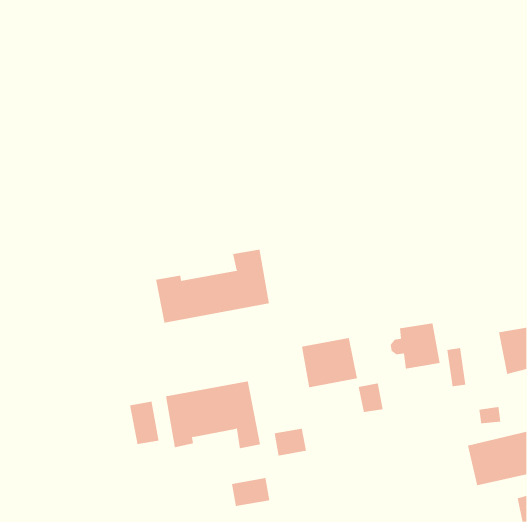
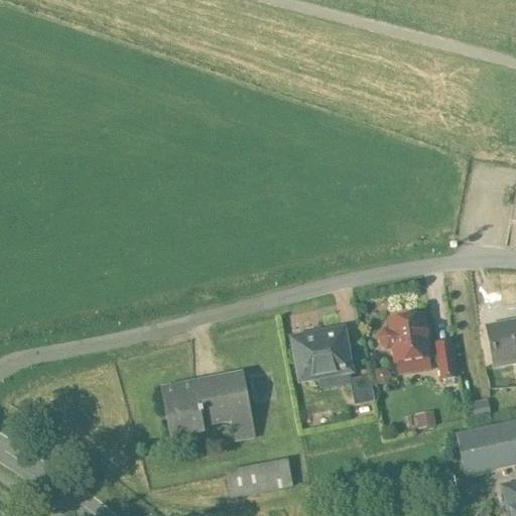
building: [156,249,269,323] -> none
building: [130,401,159,445] -> none
building: [274,428,307,456] -> [260,462,292,489]

